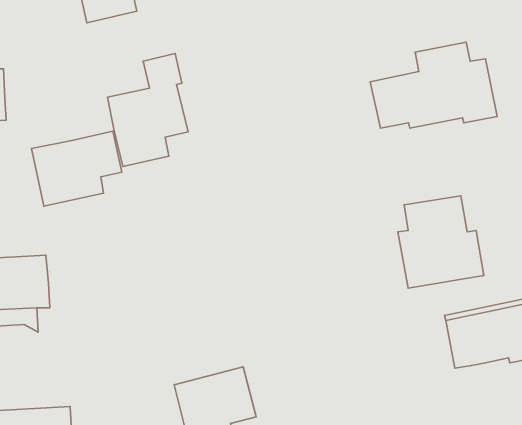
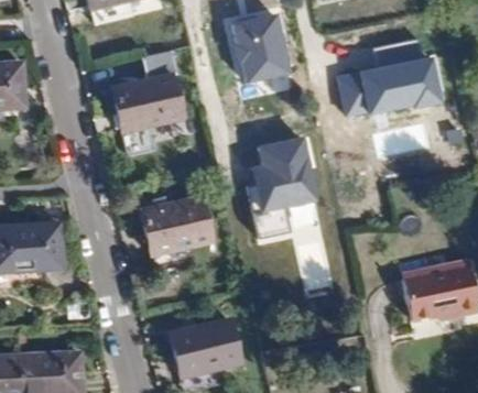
building: none -> [231,13,291,83]
building: [31,131,122,206] -> none
building: [398,196,484,288] -> [252,137,326,216]
building: none -> [141,197,209,268]

